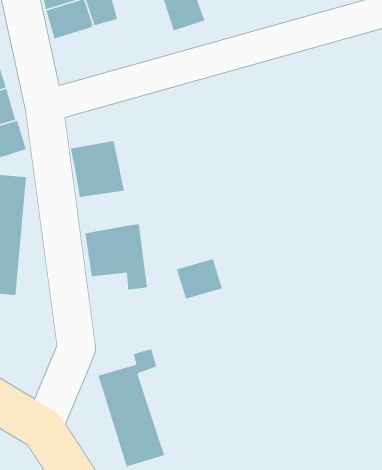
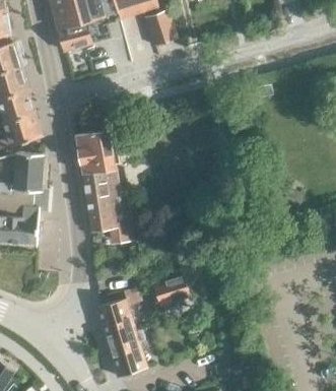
building: none -> [82,167,120,198]
building: [176,258,223,300] -> [153,273,189,305]

